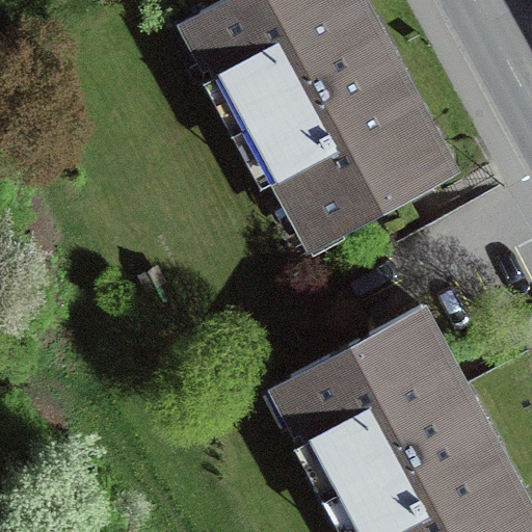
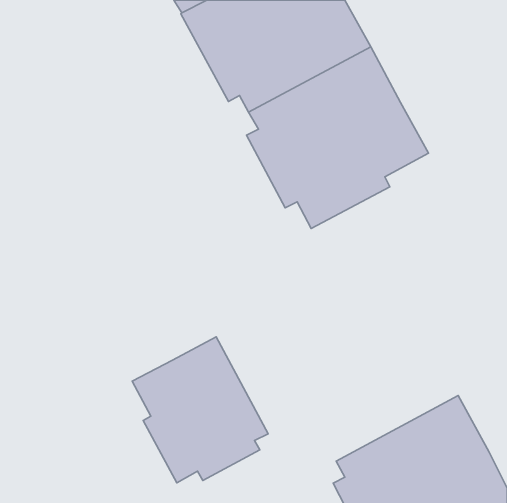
building: [280,309,479,487] -> none
building: none -> [132,337,268,483]

